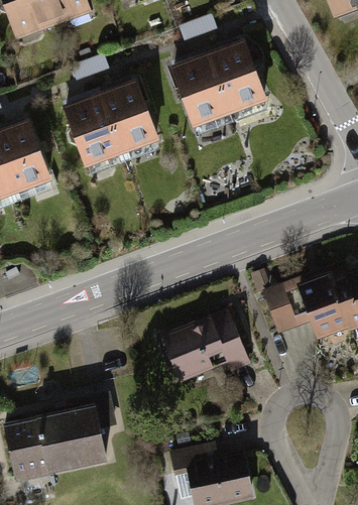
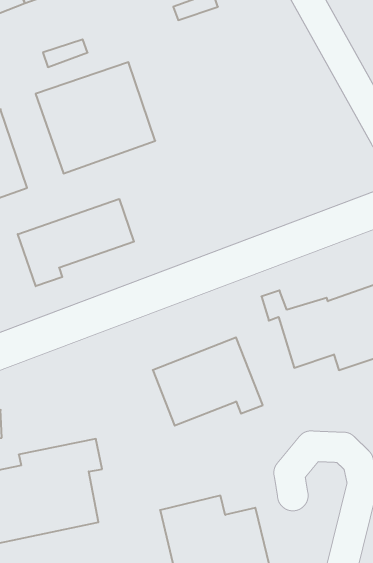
building: [170,37,270,129] -> none
building: none -> [18,199,134,286]

